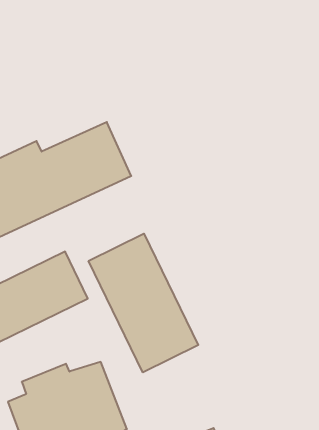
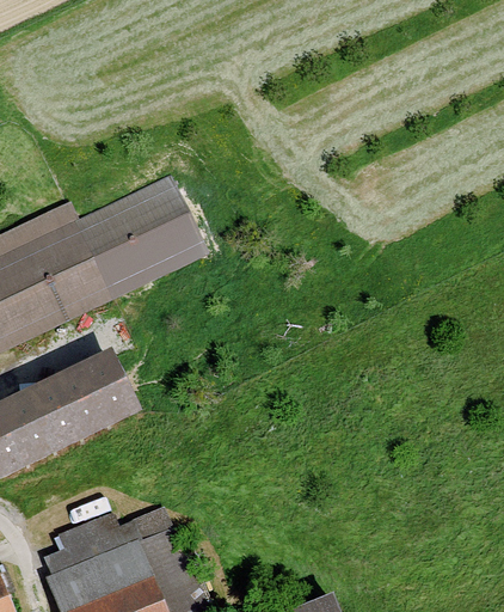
building: [89,234,198,372] -> none

